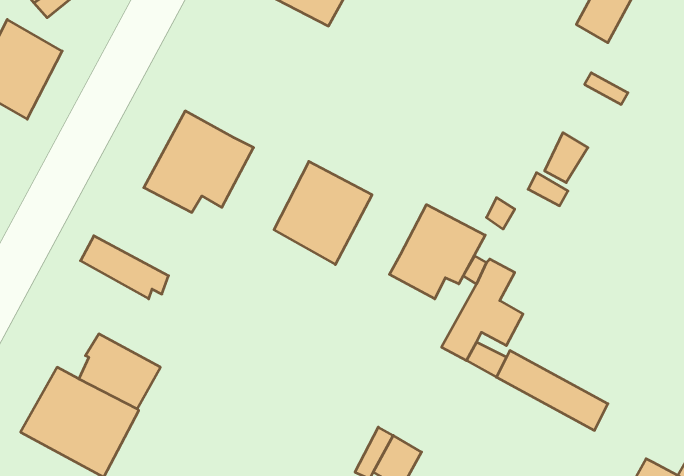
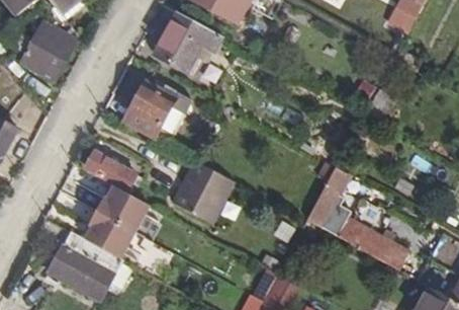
building: none -> [157,13,222,72]
building: [274,161,372,265] -> [173,160,233,223]
building: [389,205,485,299] -> none
building: none -> [97,185,149,232]

